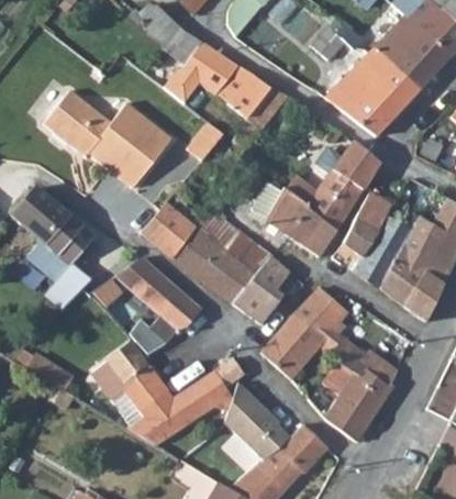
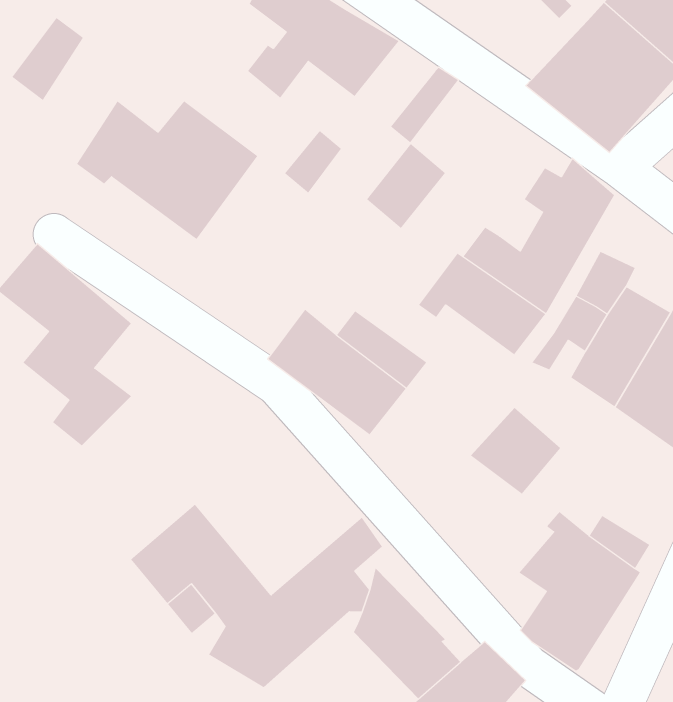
building: [225,70,273,121] -> [366,143,446,229]
building: [42,93,85,143] -> [11,17,84,101]
building: [142,203,196,258] -> none
building: [116,258,199,342] -> none
building: [234,260,303,325] -> none
building: [262,315,324,379] -> none

